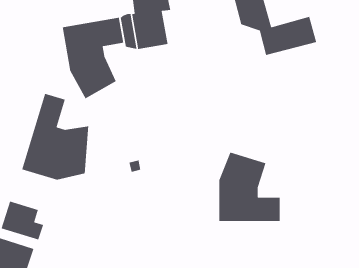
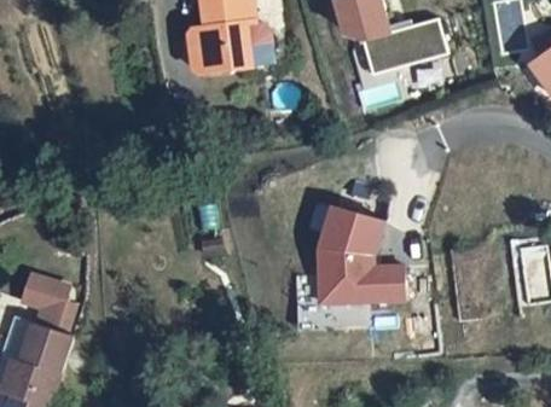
building: none -> [242,14,277,60]
building: [62,17,124,100] -> none
building: [21,93,89,181] -> none

